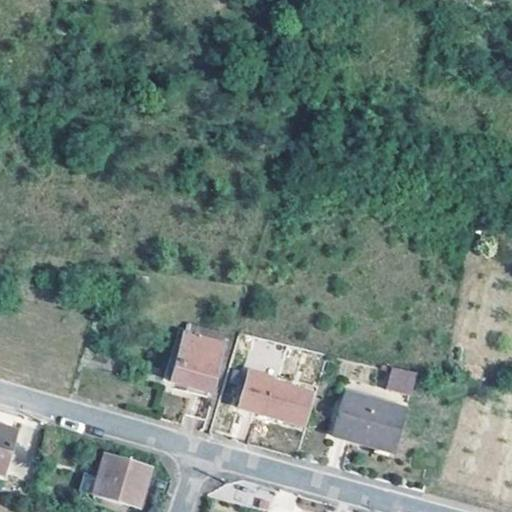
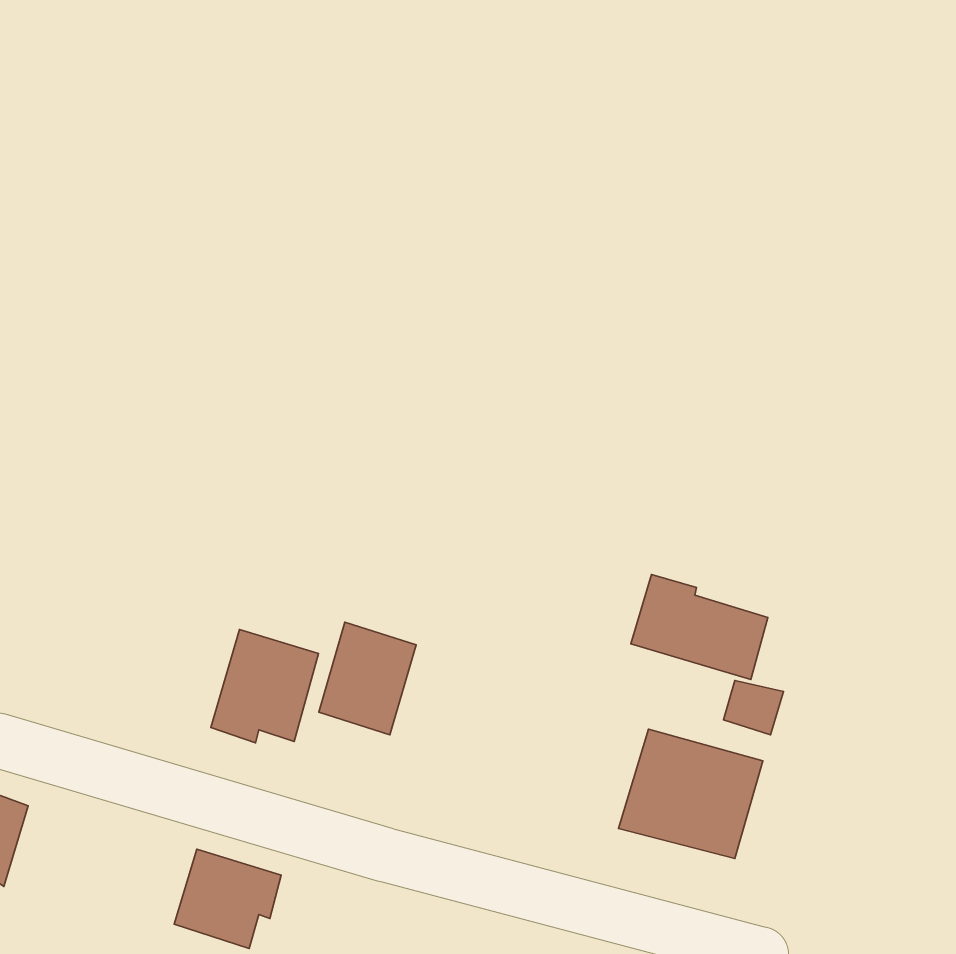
building: none -> [211,630,319,743]
building: [239,369,312,425] -> [631,575,768,679]

